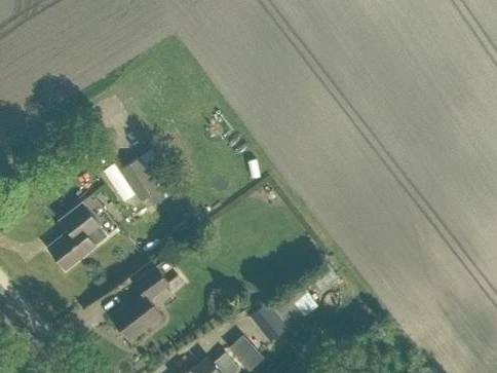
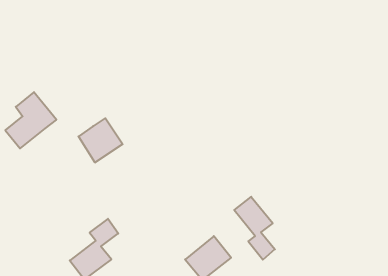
building: [48,203,109,270] -> [5,92,56,148]
building: none -> [234,197,275,260]

